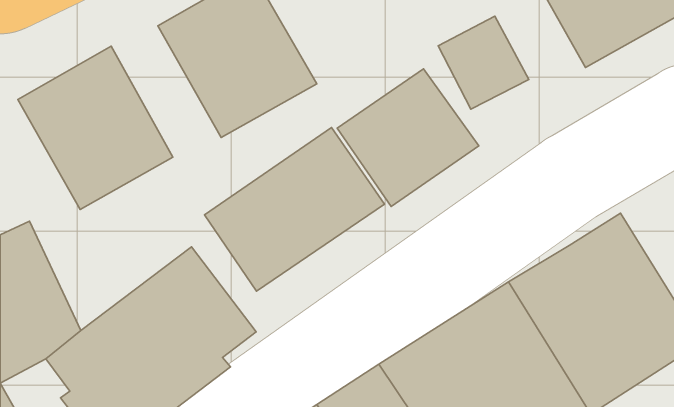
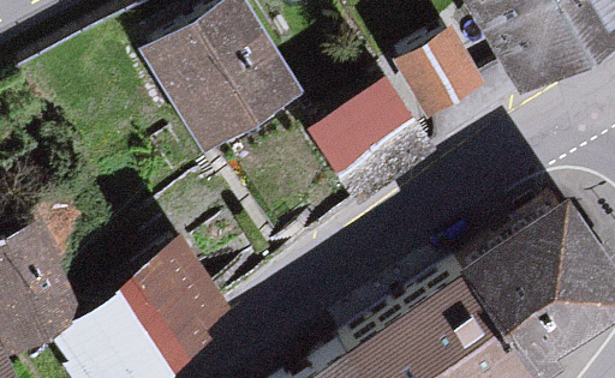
building: [18,46,173,209] -> none
building: [204,127,385,291] -> none

